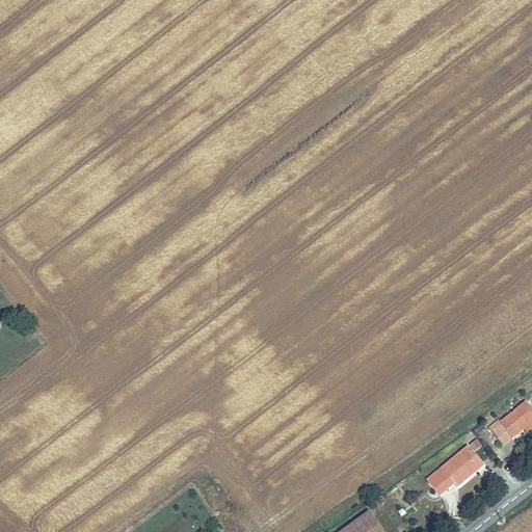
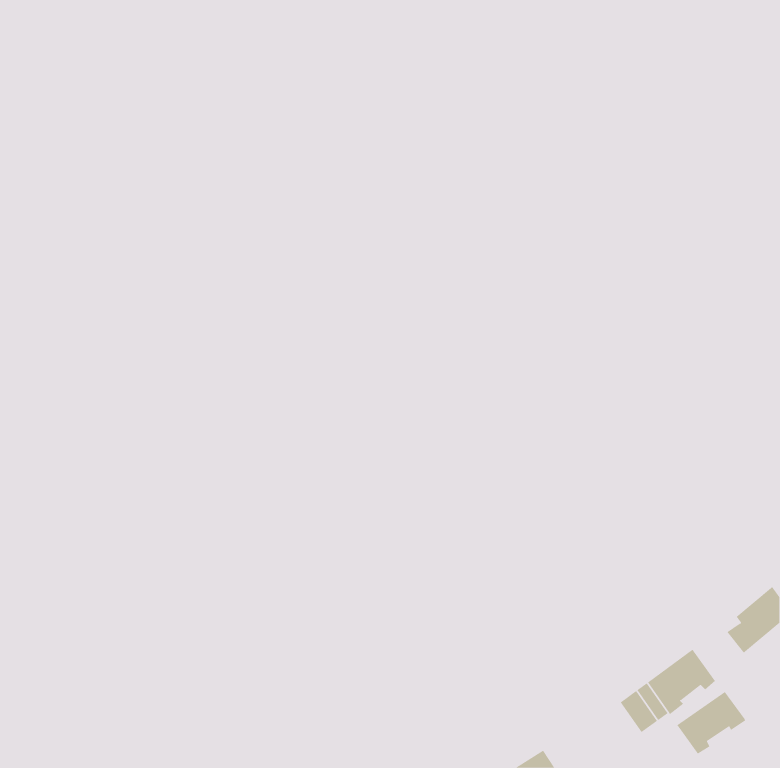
building: none -> [676,691,746,754]

